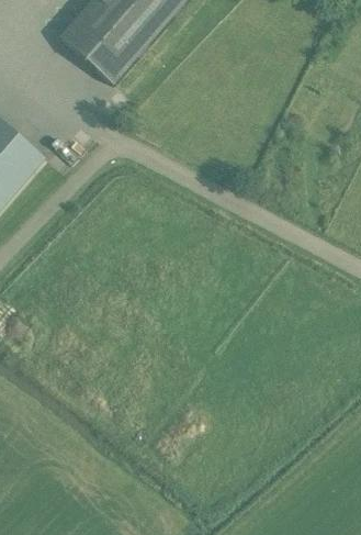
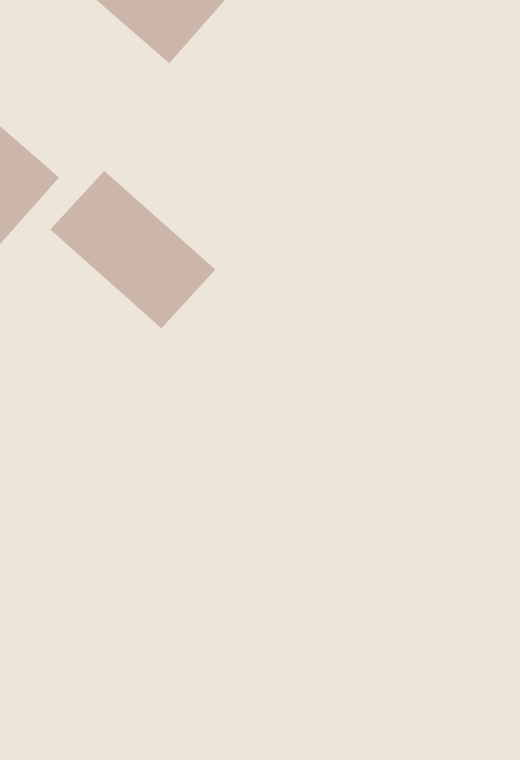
building: none -> [50,170,216,329]

